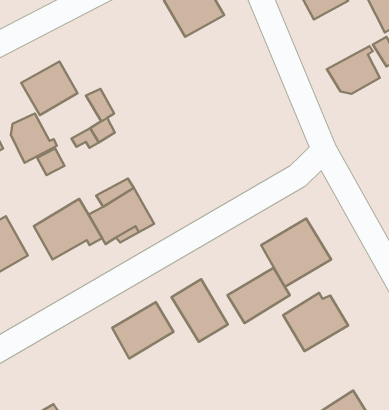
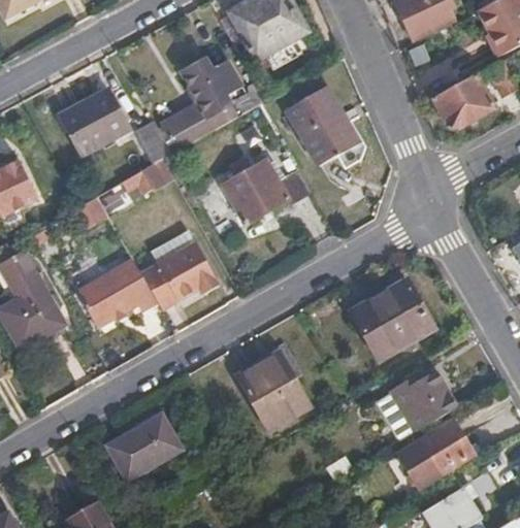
building: none -> [164,59,242,147]
building: none -> [286,89,358,165]
building: [11,113,57,163] -> none
building: none -> [221,159,311,223]
building: [227,268,290,323] -> [397,421,473,488]
building: [112,302,174,358] -> [108,412,183,481]

